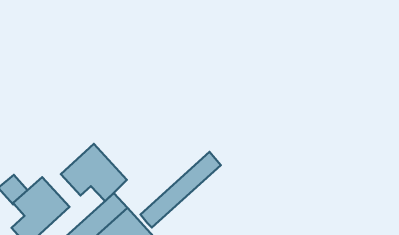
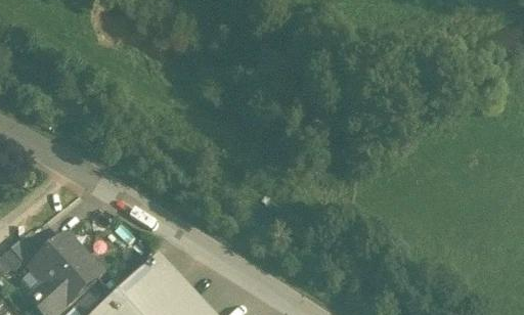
building: [61,144,127,201] -> none
building: [141,152,221,228] -> none

